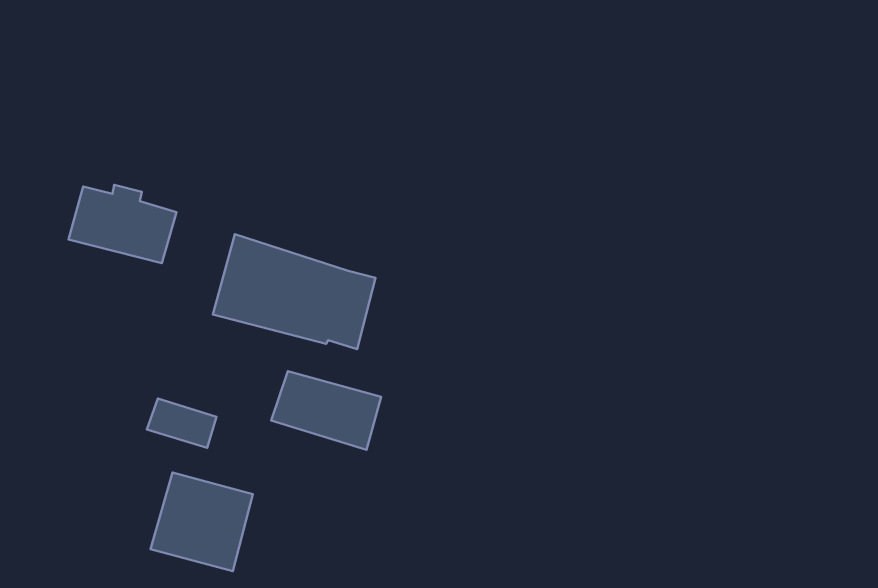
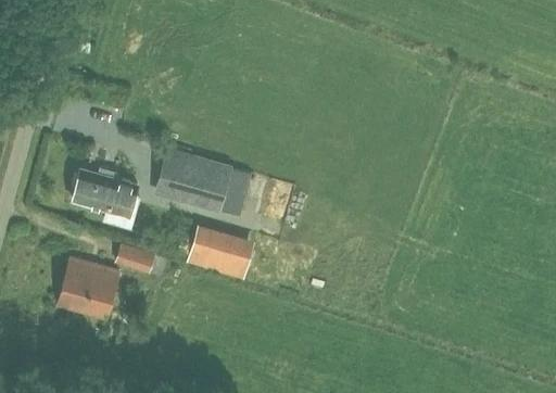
building: [69,185,177,263] -> [73,168,137,215]
building: [150,472,253,571] -> [58,258,118,317]

